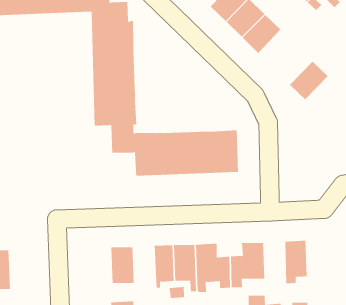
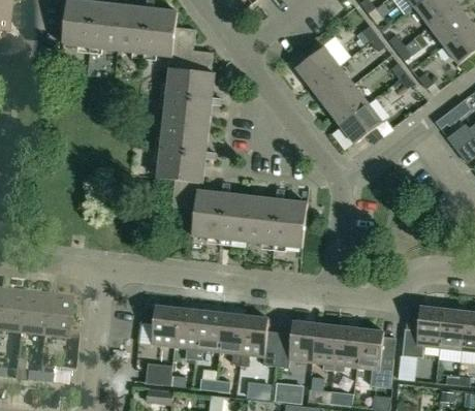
building: [289,61,328,100] -> [339,103,381,144]
building: none -> [356,327,392,386]
building: none -> [312,323,338,370]
building: none -> [175,308,200,359]
building: none -> [44,292,72,337]

